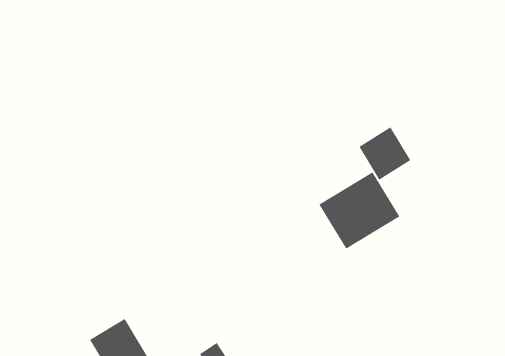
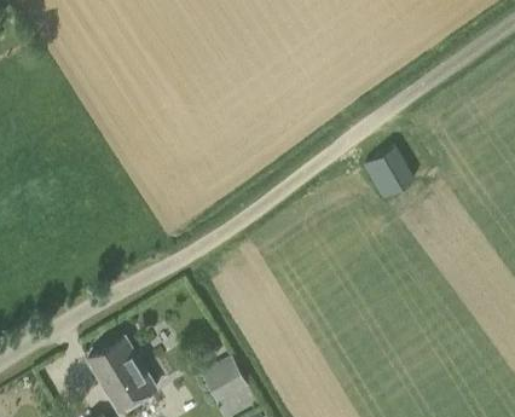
building: [319,171,400,250] -> none

